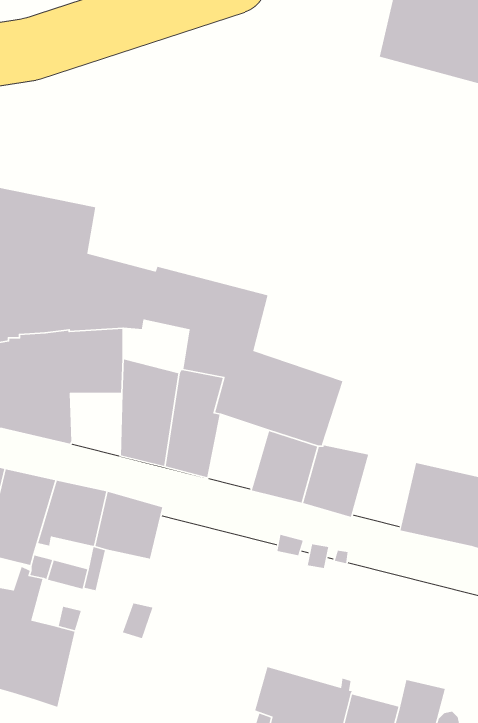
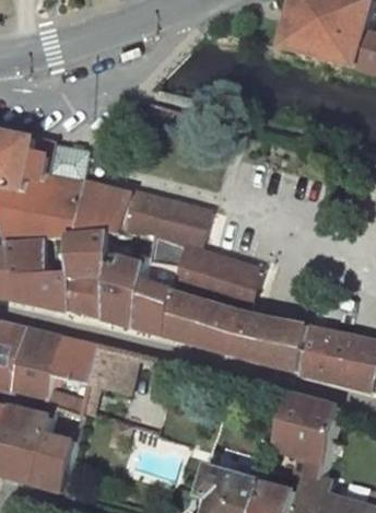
building: none -> [69,277,104,319]
building: none -> [163,291,204,343]
building: none -> [261,318,305,371]
building: none -> [269,392,334,460]

